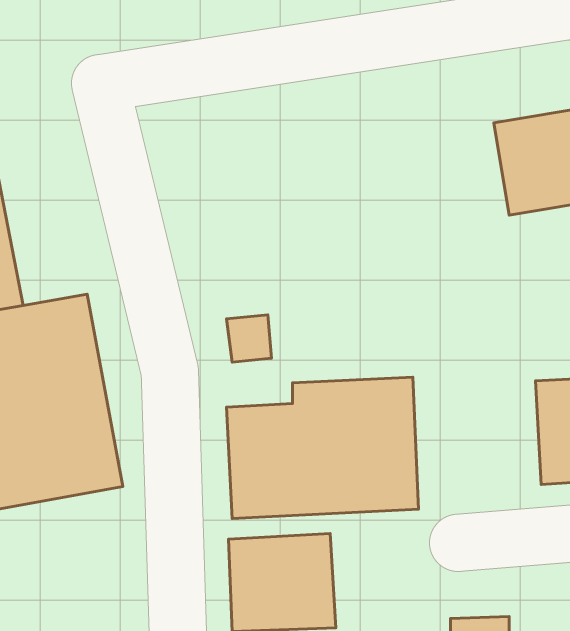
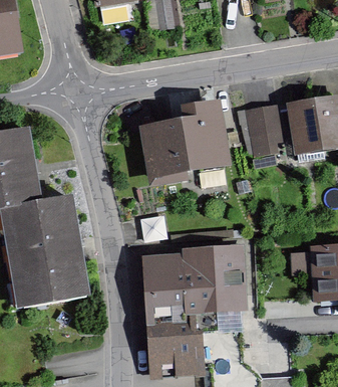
building: none -> [135,96,231,183]
building: none -> [248,105,284,147]

